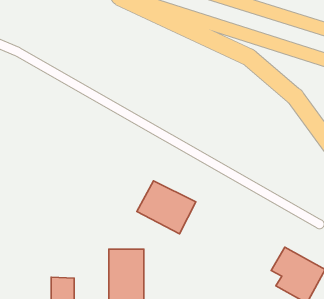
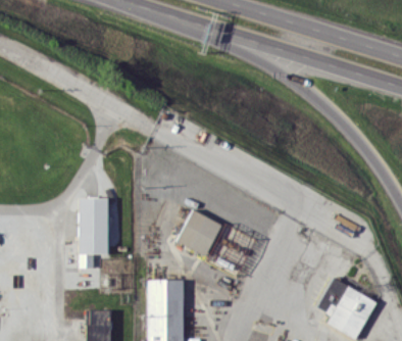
building: none -> [79,199,108,270]

